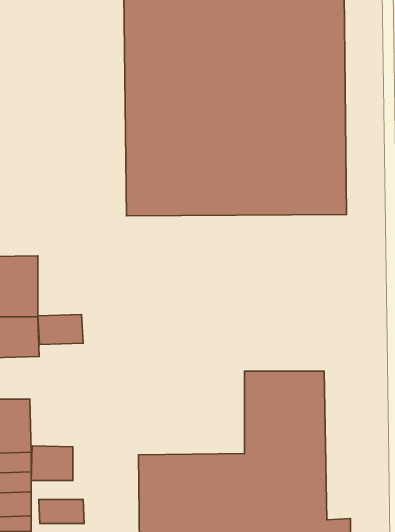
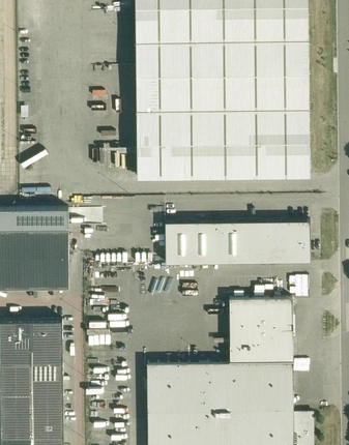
building: none -> [165,220,310,264]
building: [38,314,83,344] -> none
building: [31,446,73,481] -> none
building: [39,500,84,524] -> none

